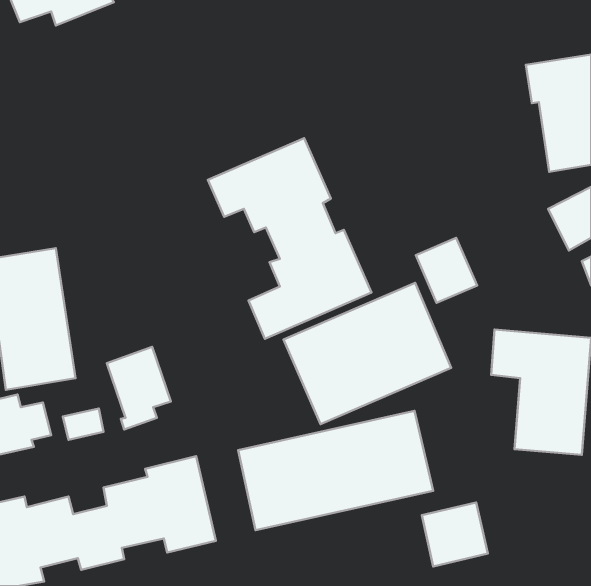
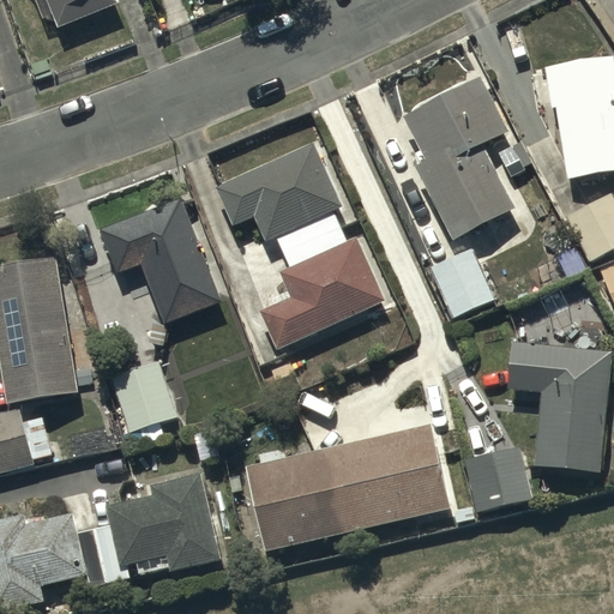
building: none -> [402,78,512,239]
building: none -> [102,198,218,320]
building: [284,283,451,424] -> none
building: [422,503,488,566] -> [462,445,530,511]

